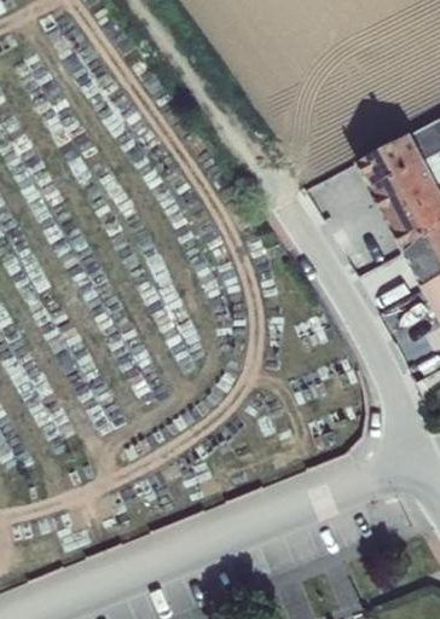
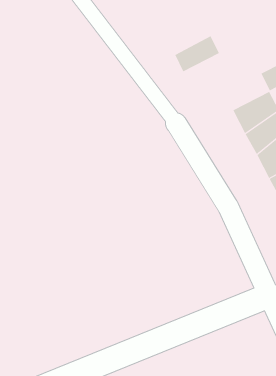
building: [359,133,425,186] -> [174,36,220,72]

